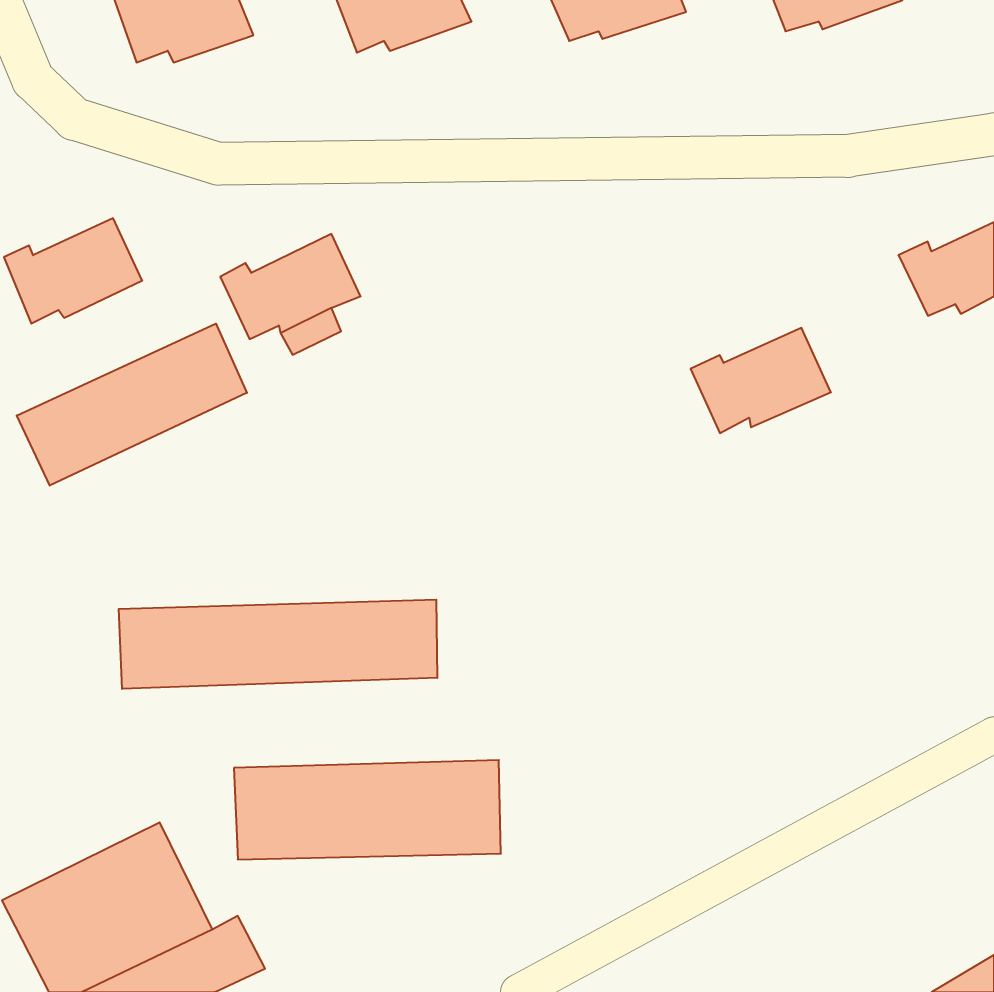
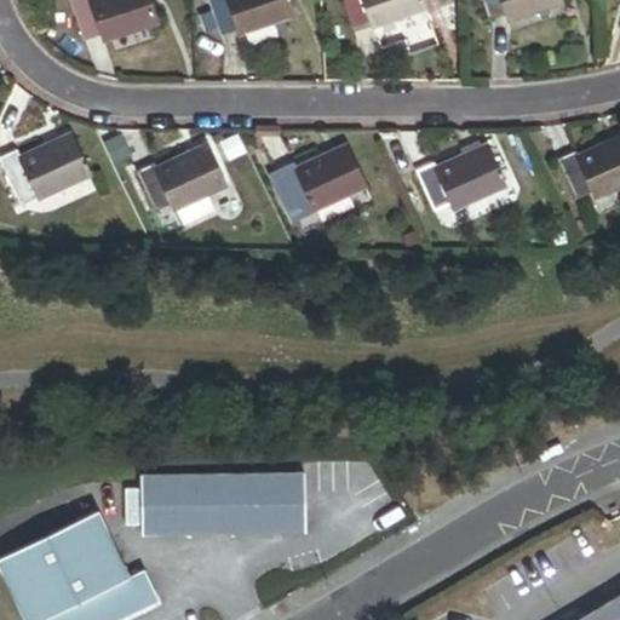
building: none -> [277,145,366,211]
building: [17,324,247,486] -> none
building: [691,328,831,433] -> [417,145,504,211]
building: [119,600,437,689] -> none

